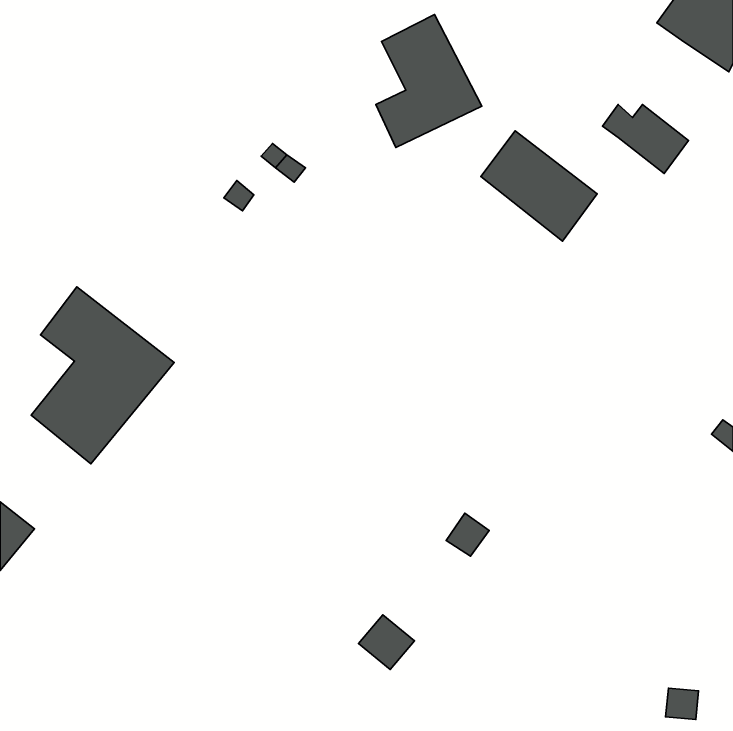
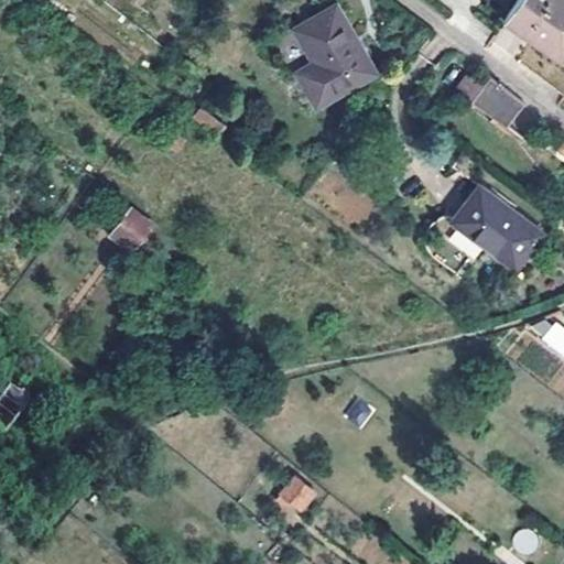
building: [481,131,597,241] -> [454,184,543,269]
building: none -> [107,212,152,258]
building: [31,287,174,464] -> none

